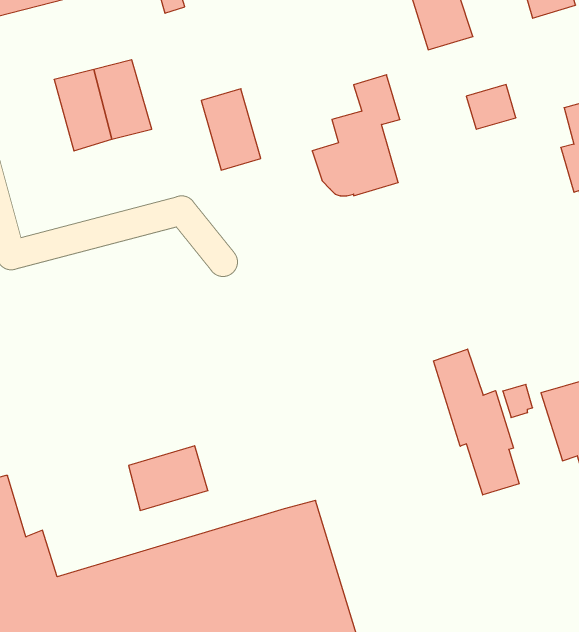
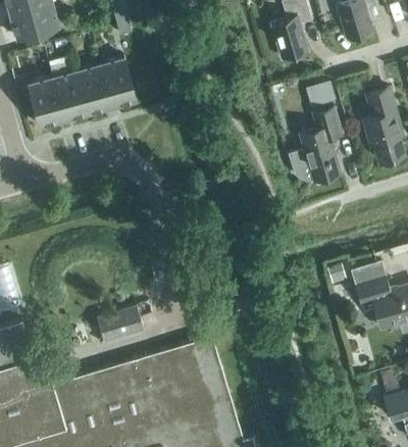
building: [312,75,400,196] -> [288,107,342,182]
building: none -> [28,78,63,128]
building: [201,89,261,170] -> [99,58,136,108]
building: [434,349,519,495] -> none

